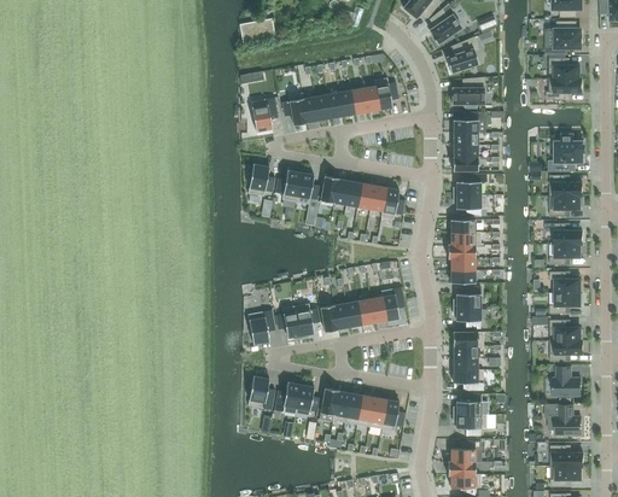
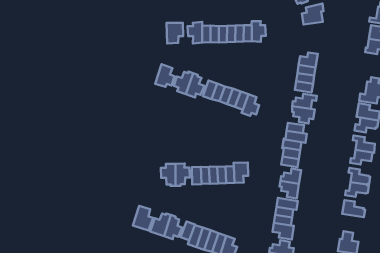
building: [453,78,484,105] -> none
building: [247,311,275,345] -> none
building: [550,341,583,362] -> none

